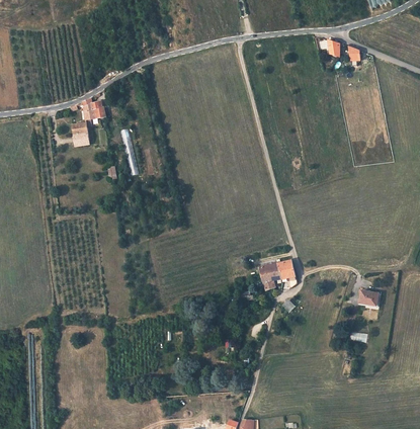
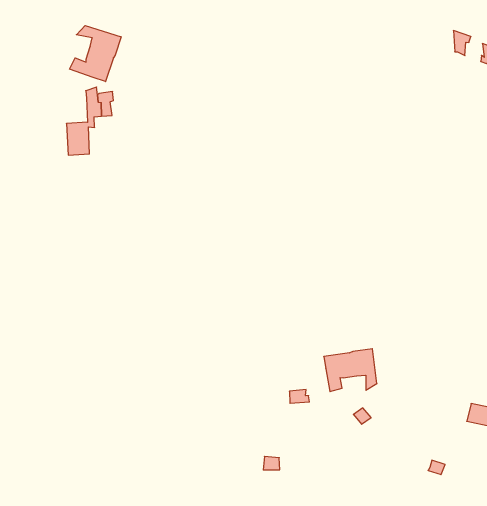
building: none -> [70,26,121,82]

